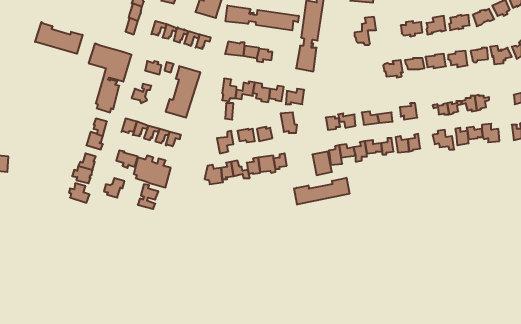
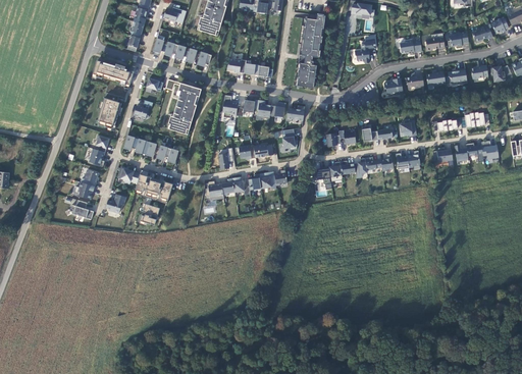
building: [226,5,299,30] -> none
building: [35,22,83,54] -> none
building: [294,178,349,205] -> none

